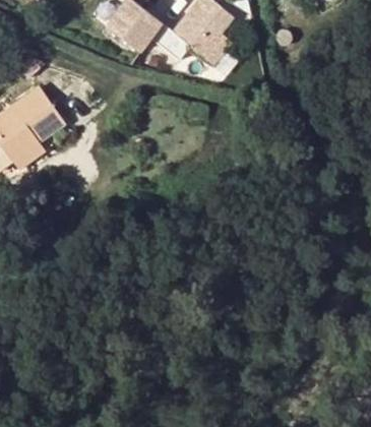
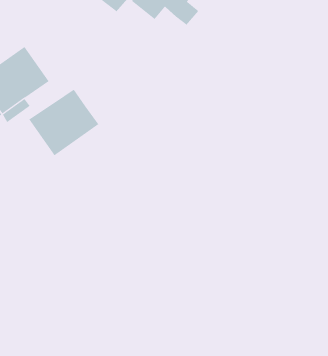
building: none -> [29,89,99,156]

